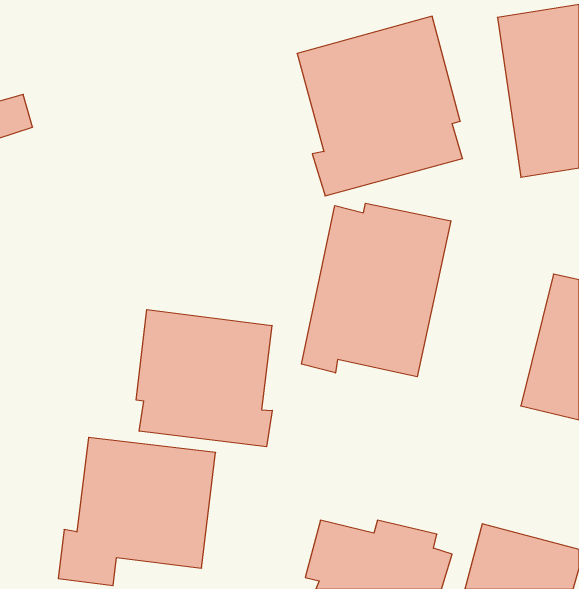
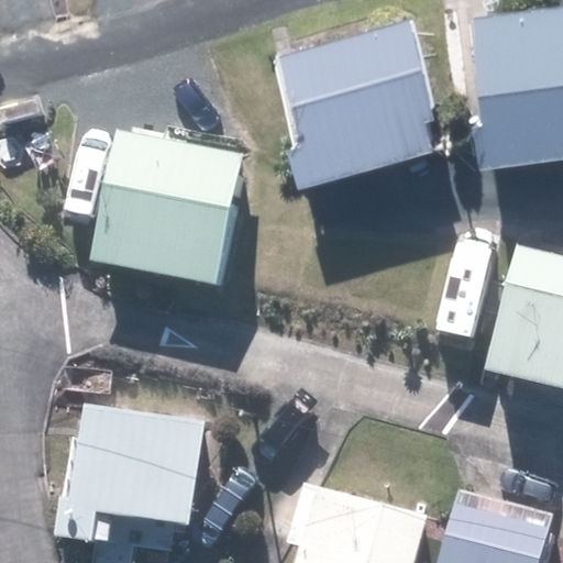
building: none -> [86,135,241,292]
building: [301,203,451,377] -> none
building: [136,310,272,447] -> none

